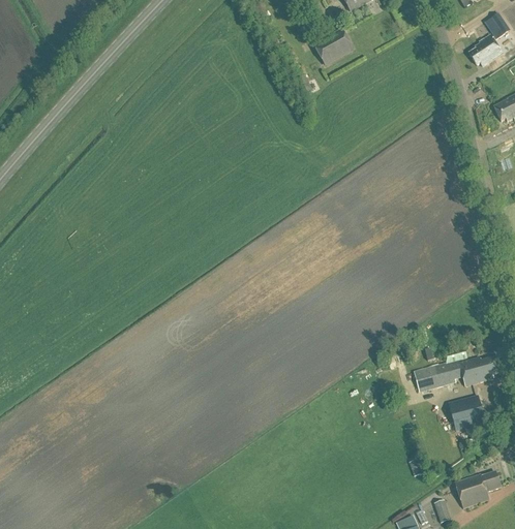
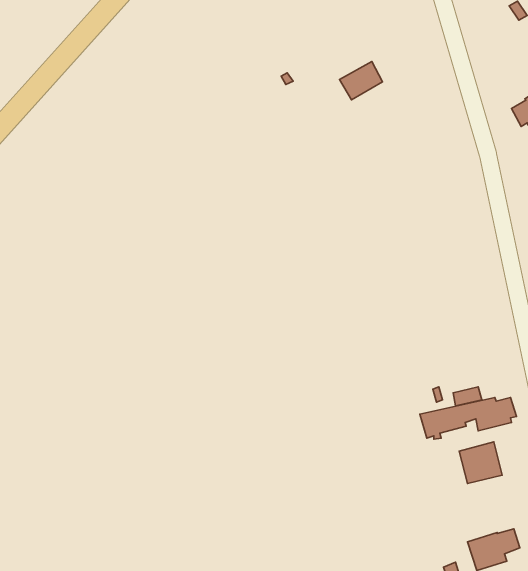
building: [315,32,353,65] -> [340,62,383,100]
building: [468,34,503,66] -> none

